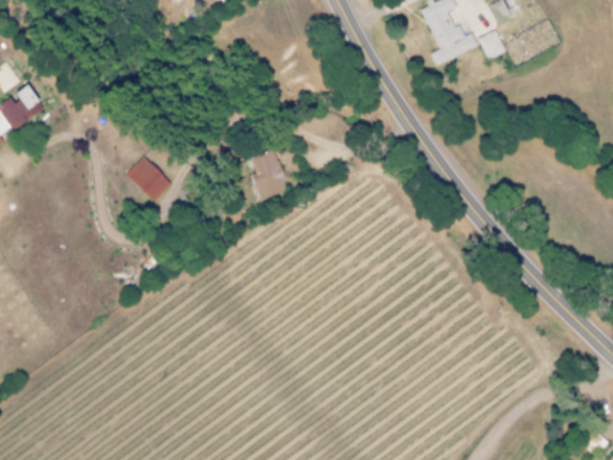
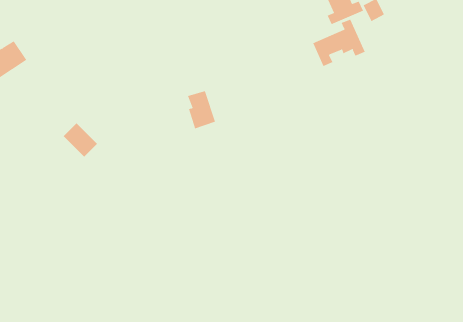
building: none -> [313,19,365,67]
building: [127,156,172,201] -> [63,122,98,158]

